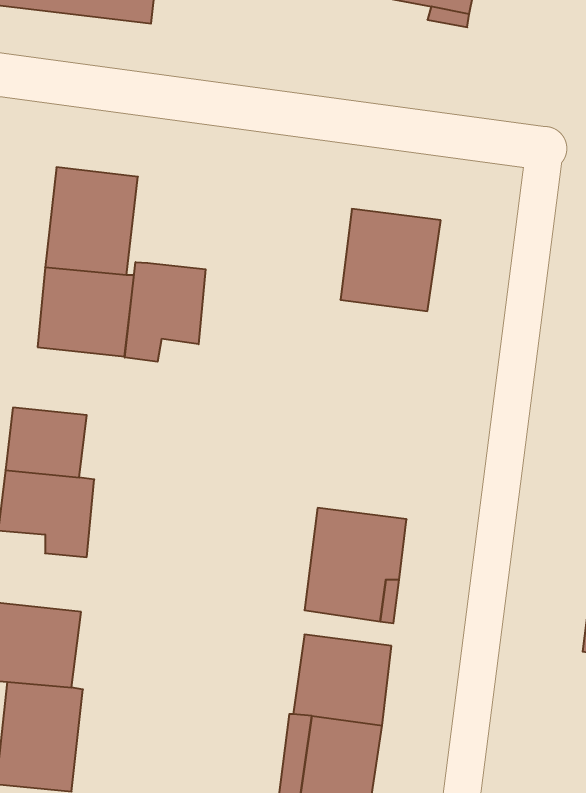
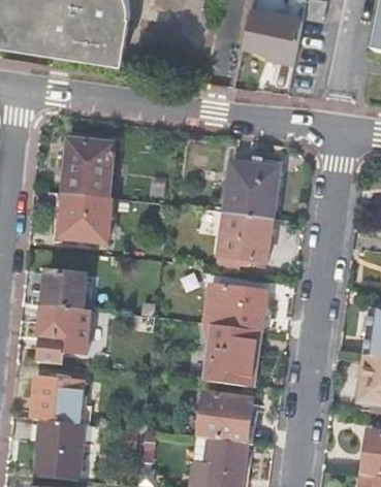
building: [125,262,206,362] -> none
building: none -> [219,213,272,262]
building: none -> [204,284,265,332]

